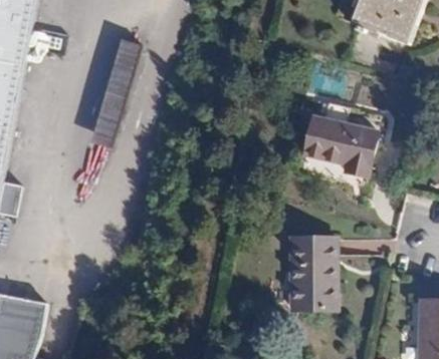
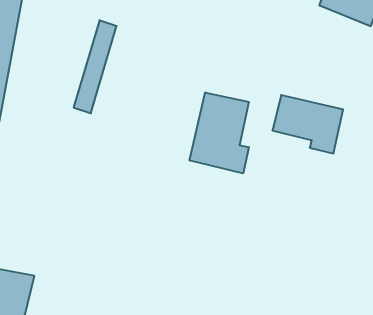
building: none -> [190,92,249,173]
building: [291,237,336,309] -> none

